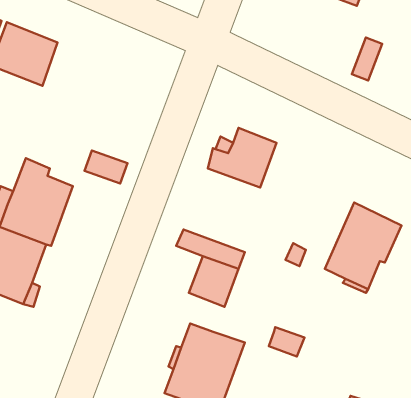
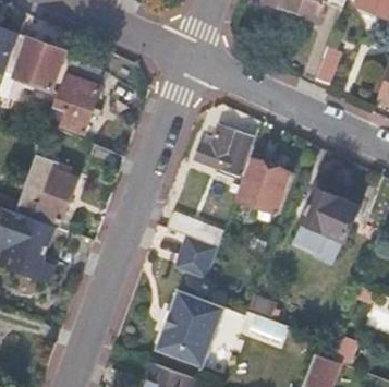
building: none -> [52,43,104,133]
building: none -> [238,159,288,211]

